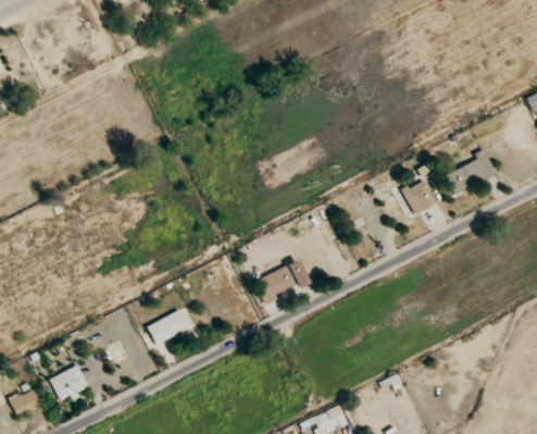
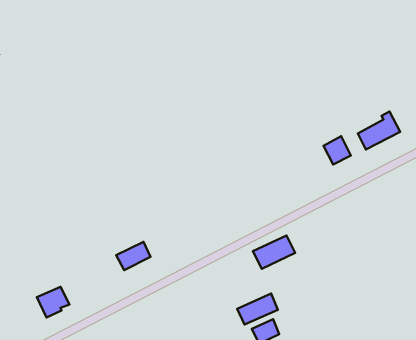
building: [255,260,308,301] -> [253,235,295,269]
building: none -> [237,293,278,325]
building: [9,390,40,419] -> none

